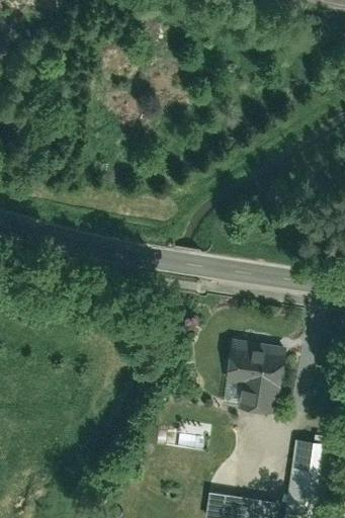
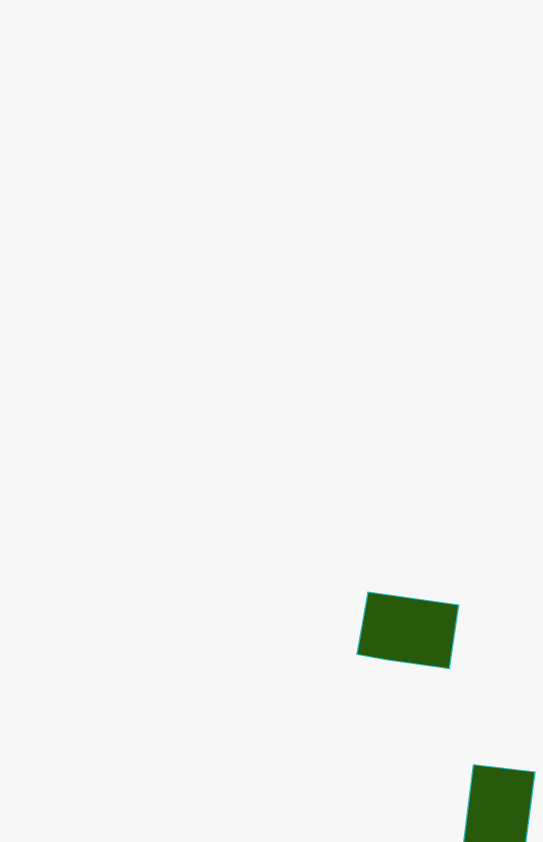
building: [240,381,279,411] -> none

